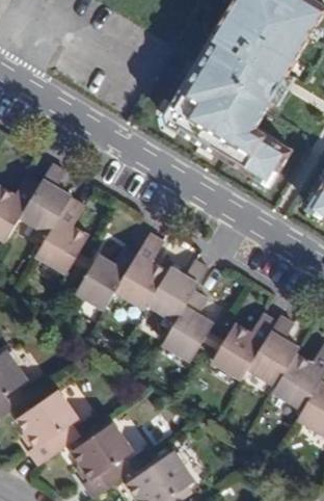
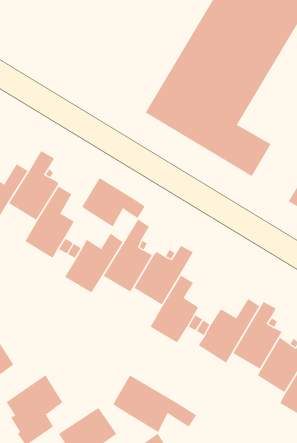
building: none -> [82,177,146,228]
building: none -> [113,374,197,433]

